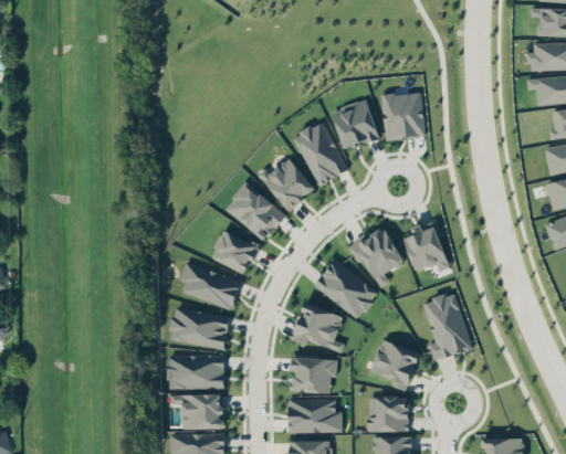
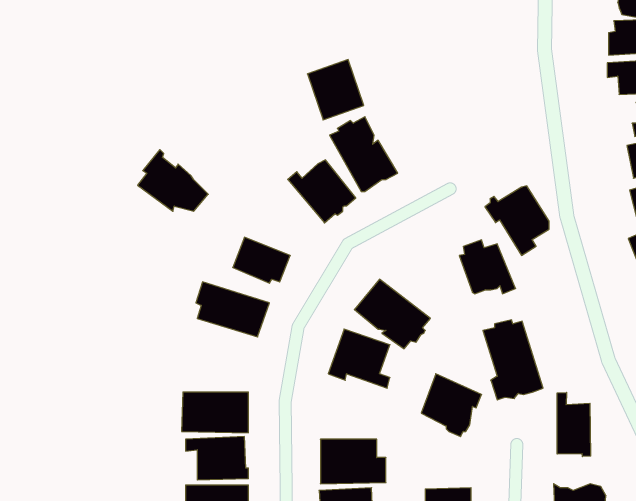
building: [381,95,423,142] -> none
building: [332,99,379,150] -> [307,60,364,120]
building: [226,177,285,229] -> [138,150,208,211]
building: [349,232,403,291] -> [485,186,549,255]
building: [169,303,229,346] -> none
building: none -> [557,392,591,457]
building: [290,358,337,393] -> none
building: [363,398,410,436] -> none

